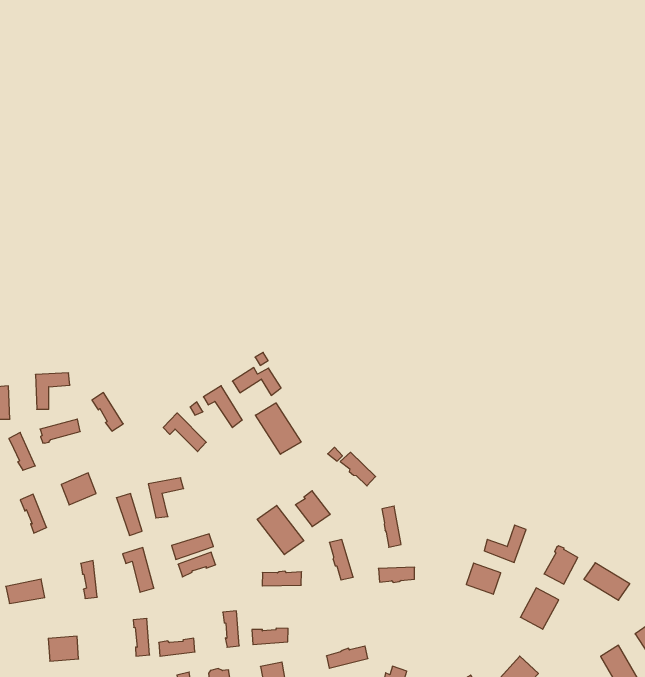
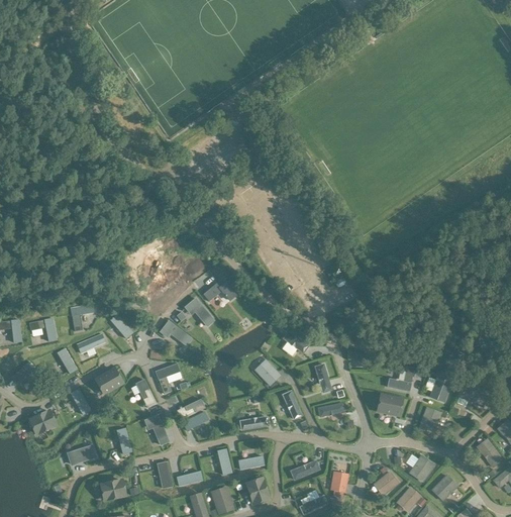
building: [255,403,301,454] -> none
building: [257,505,304,555] -> none

